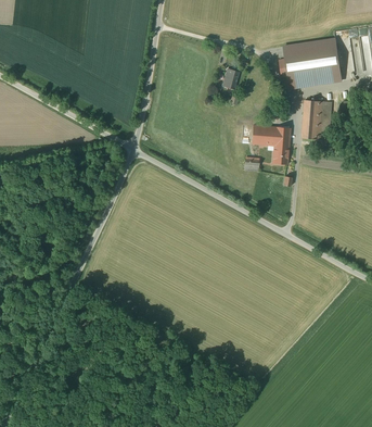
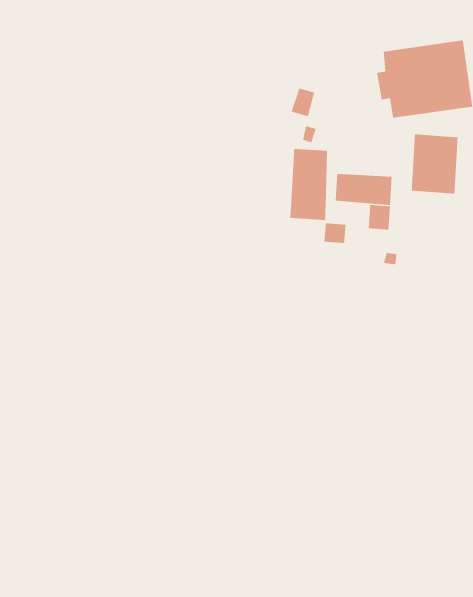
building: none -> [289,148,328,221]

